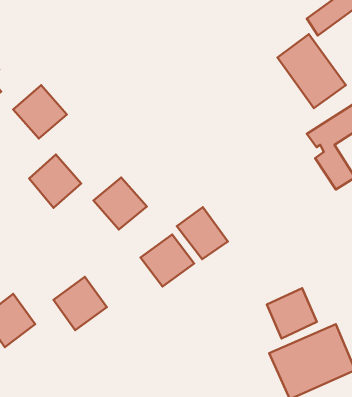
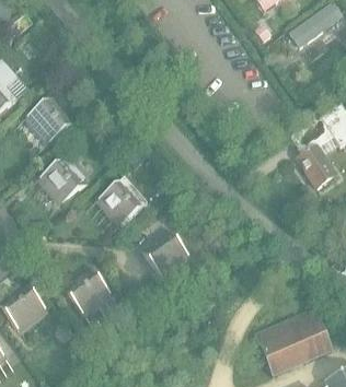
building: [278,34,346,108] -> none
building: [177,207,228,259] -> none
building: [267,288,317,338] -> none

